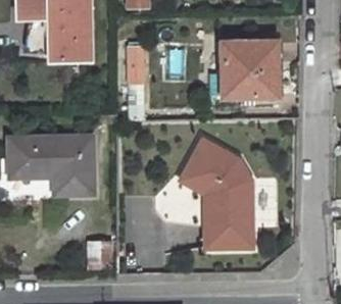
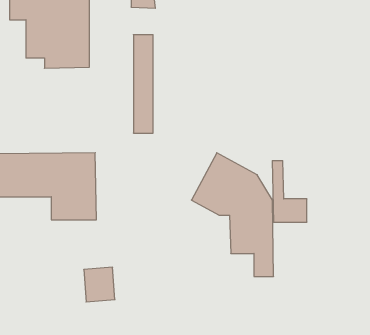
building: [221,41,277,96] -> none
building: [205,193,236,247] -> [272,161,307,222]

